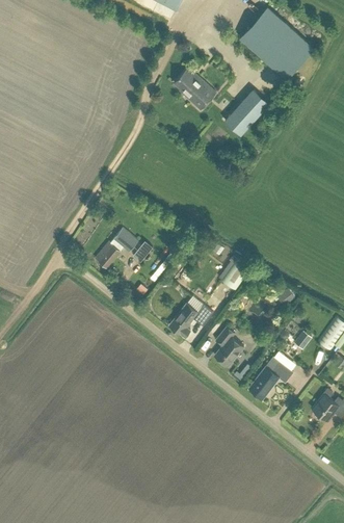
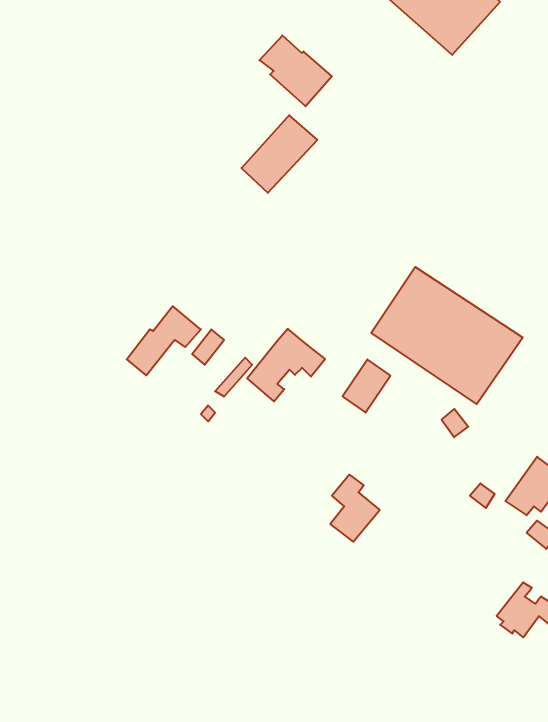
building: [224,89,269,135] -> [241,115,317,193]
building: none -> [371,267,523,404]
building: [168,295,214,338] -> [247,329,325,401]
building: [248,358,292,399] -> none

